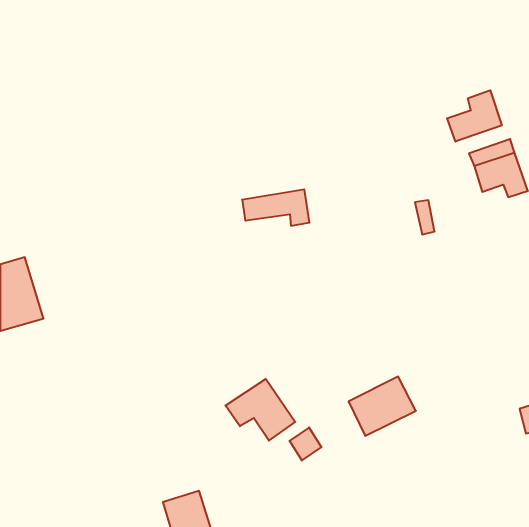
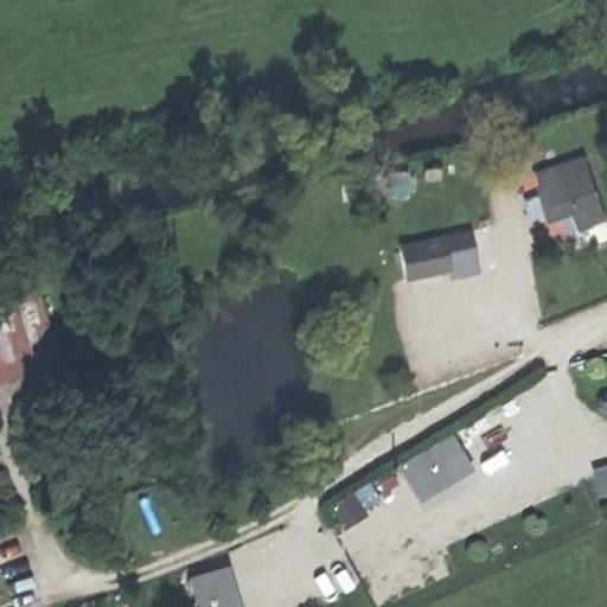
building: [447,90,502,142] -> none
building: [242,189,310,226] -> [396,239,473,281]
building: [225,379,295,441] -> none

